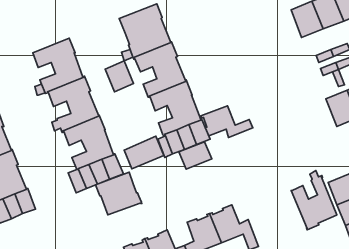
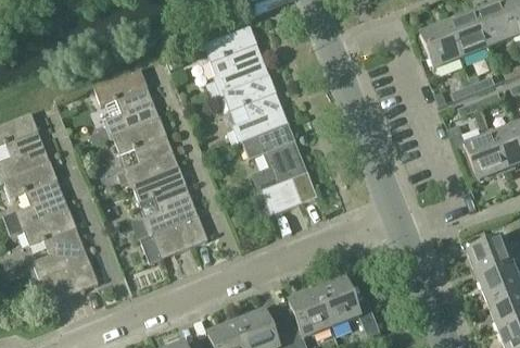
building: [105,61,134,92] -> none
building: [201,106,253,138] -> none
building: [124,136,164,169] -> none
building: [179,142,212,169] -> none
building: [291,171,337,230] -> none
building: [96,172,142,215] -> none

